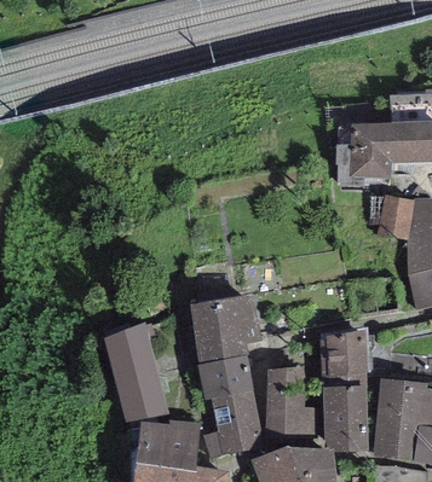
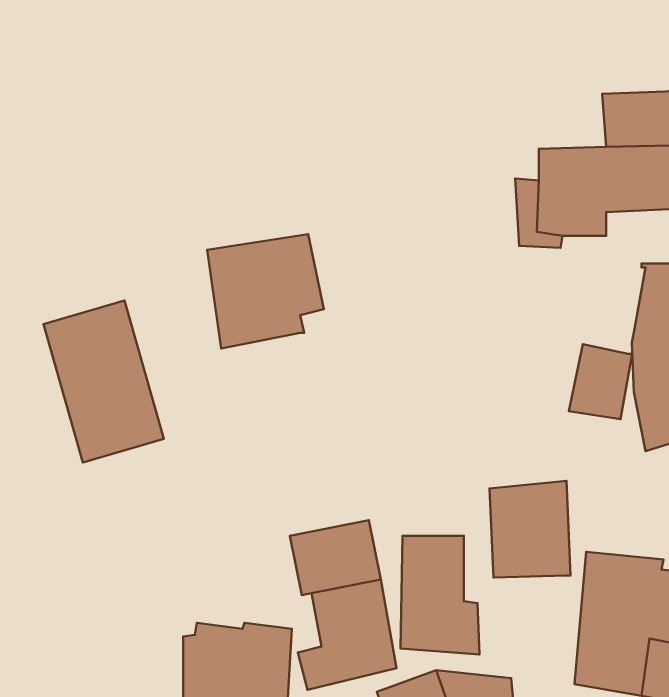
building: [376,194,415,240] -> [569,344,632,419]
building: [189,295,260,365] -> [207,234,324,349]
building: [94,324,168,423] -> [43,301,164,462]
building: [322,389,367,447] -> none

